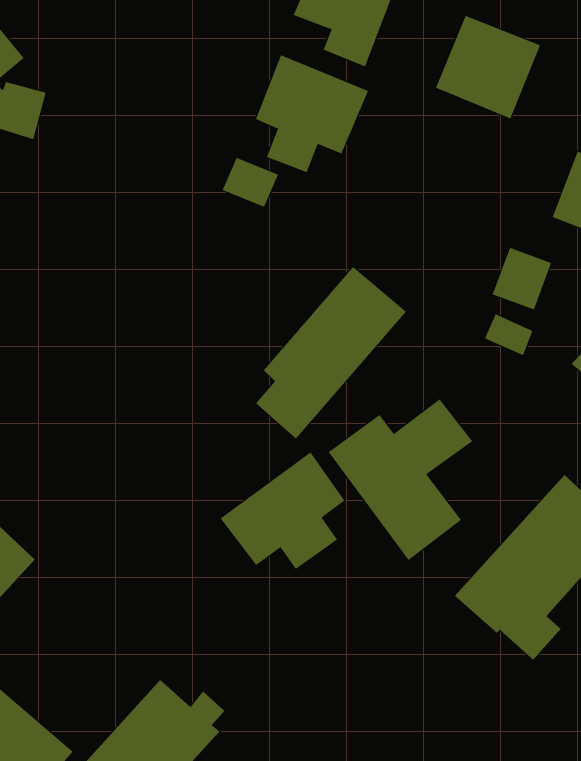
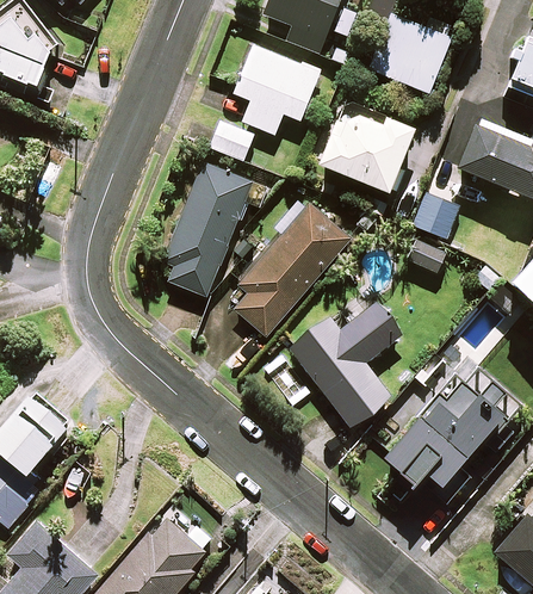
building: none -> [321,101,415,194]
building: none -> [162,162,267,297]
building: [220,452,345,570] -> none

